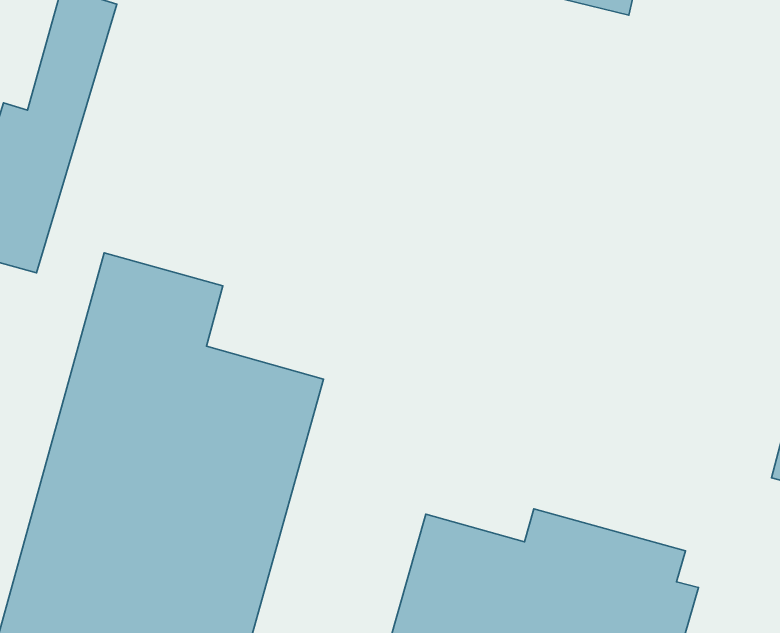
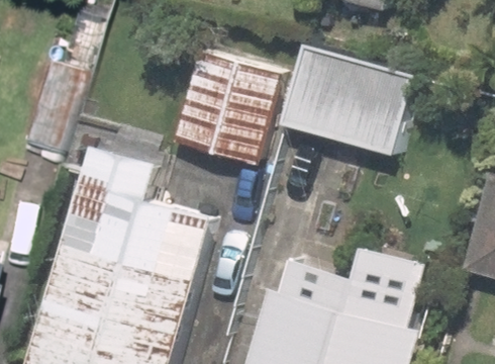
building: none -> [281,46,415,153]
building: none -> [173,52,278,164]

